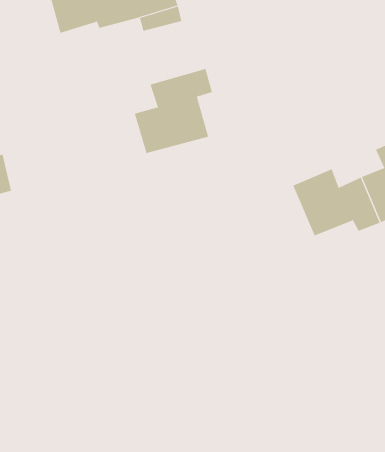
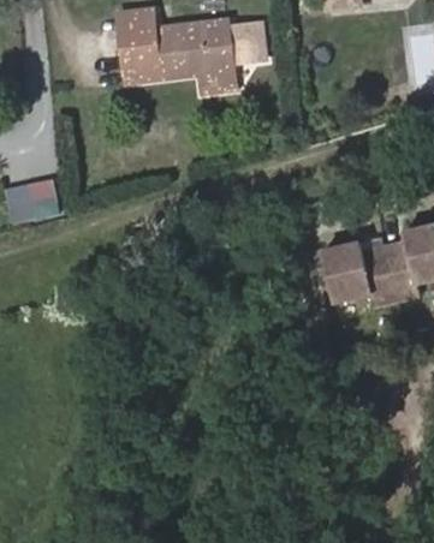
building: [134,68,212,154] -> none

